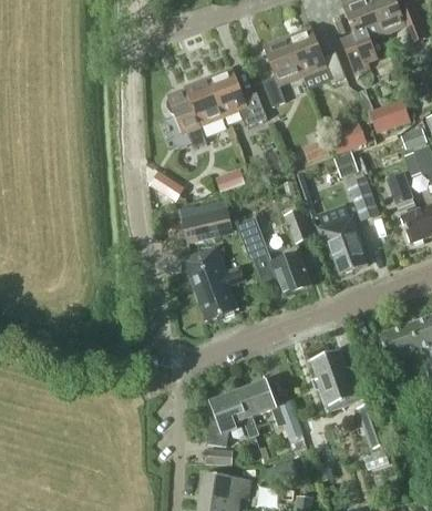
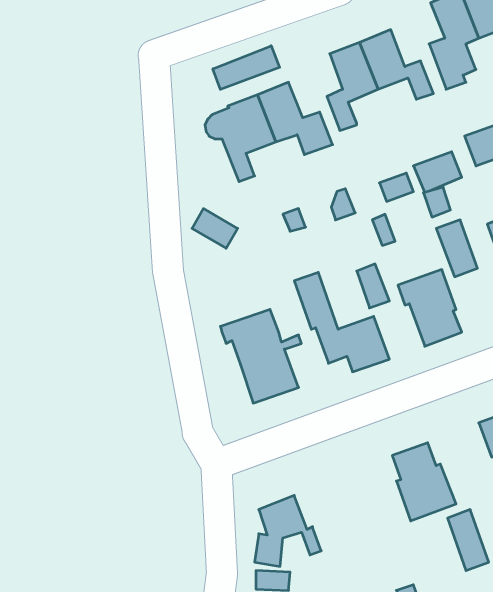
building: none -> [213,46,280,89]
building: [177,198,232,243] -> none
building: [236,379,304,438] -> none

